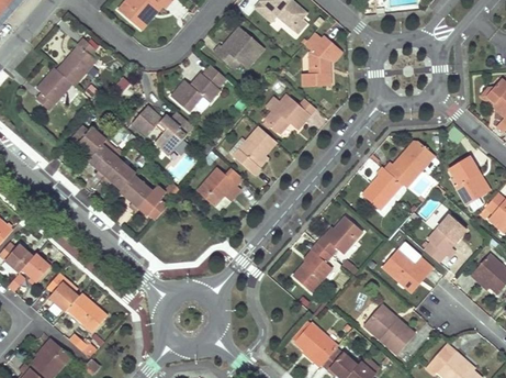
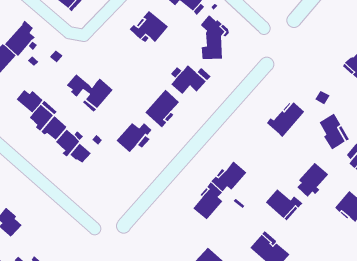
building: [170,64,226,112] -> none
building: [362,166,401,209] -> none
building: [67,292,108,332] -> none

